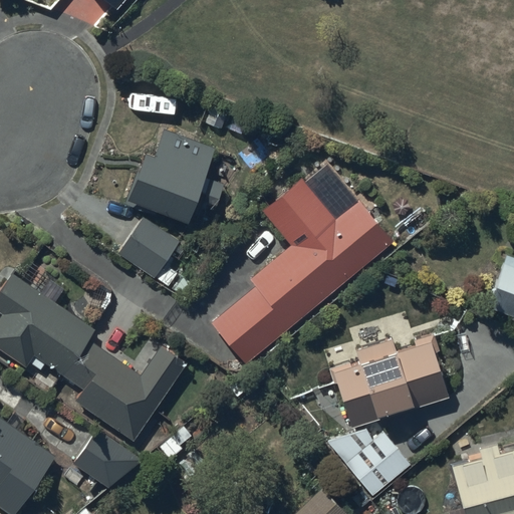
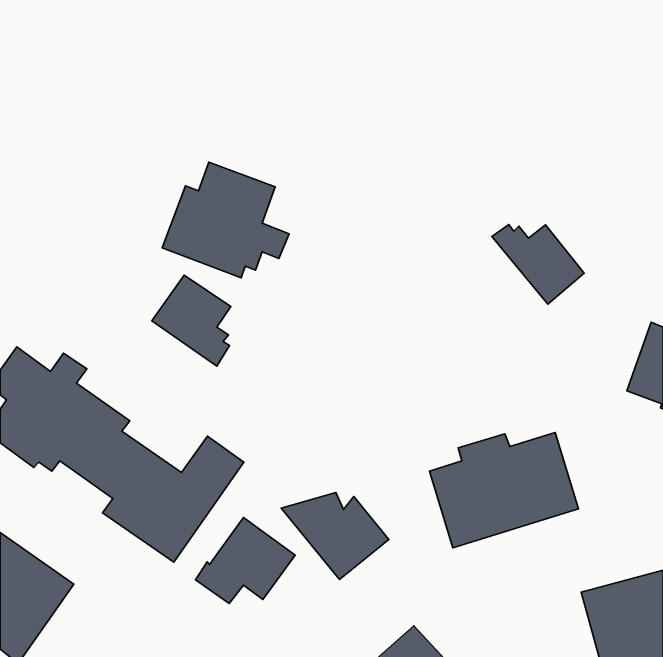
building: [211,177,394,364] -> none
building: none -> [492,224,584,304]
building: [61,429,139,495] -> [195,518,295,603]
building: [326,429,410,496] -> [281,493,389,580]

